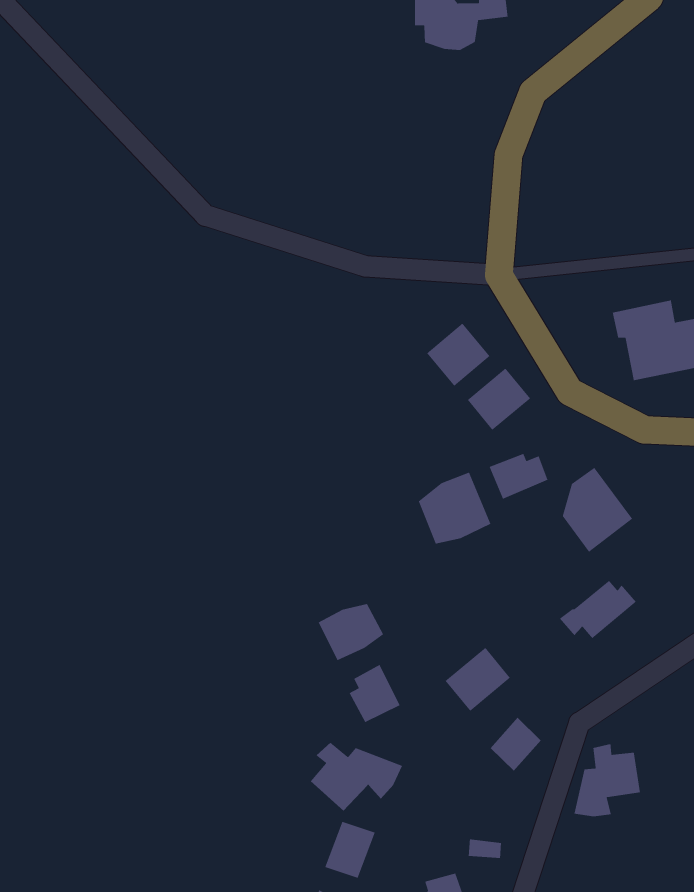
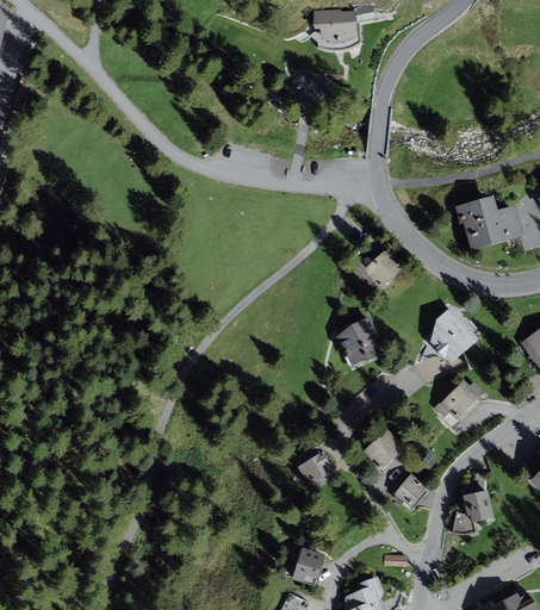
building: [426,322,491,387] -> none
building: [489,453,548,500] -> none
building: [318,603,384,661] -> none
building: [310,742,403,811] -> none

